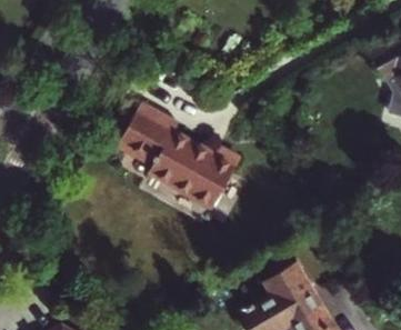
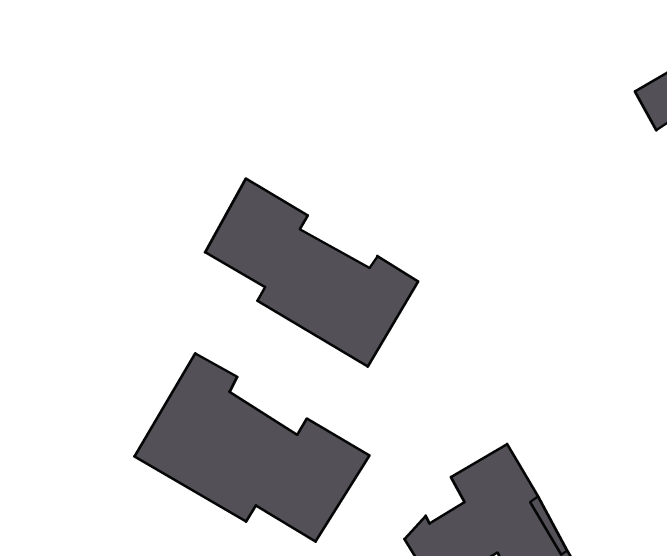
building: none -> [134,353,369,542]

